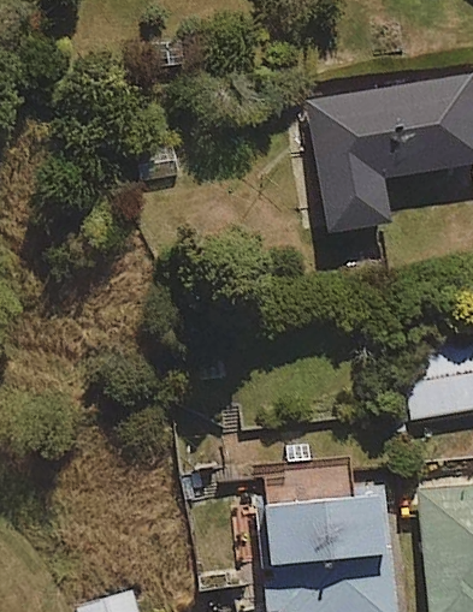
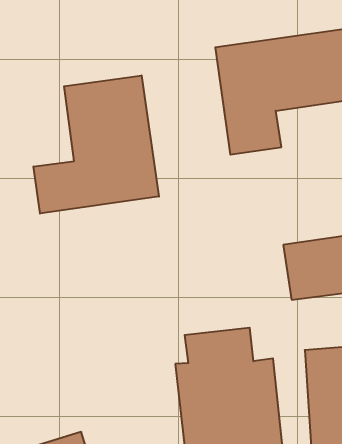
building: none -> [34,75,159,214]

